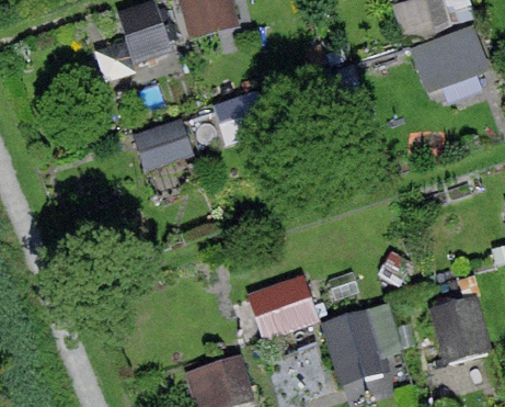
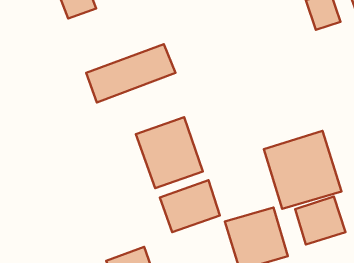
building: none -> [136,117,203,188]
building: none -> [264,131,341,209]

